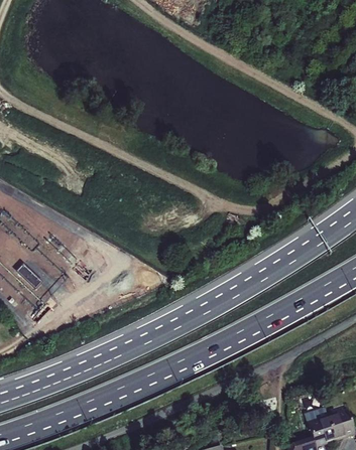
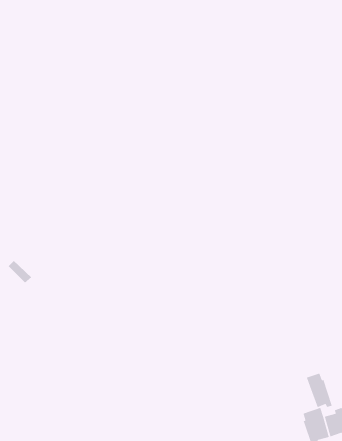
building: none -> [306,372,333,408]

